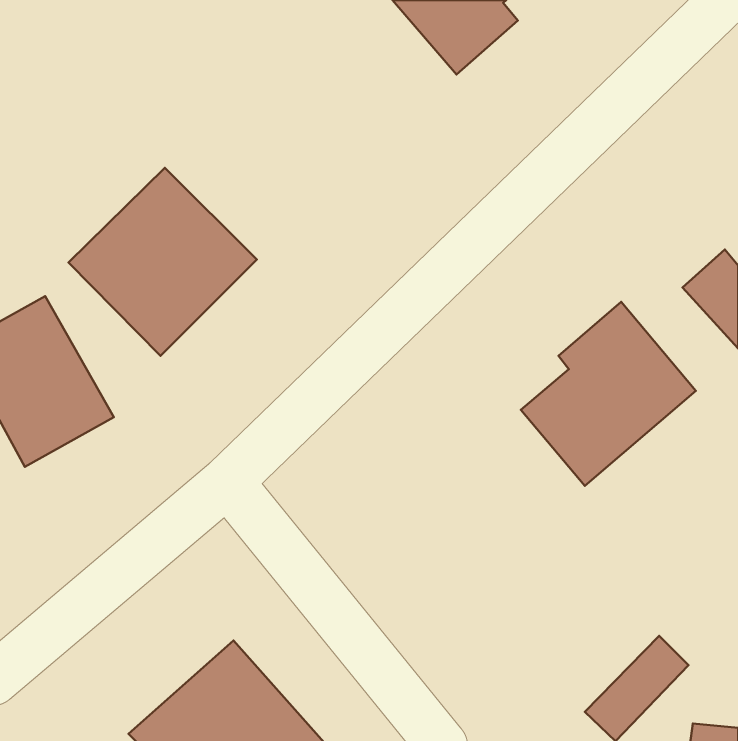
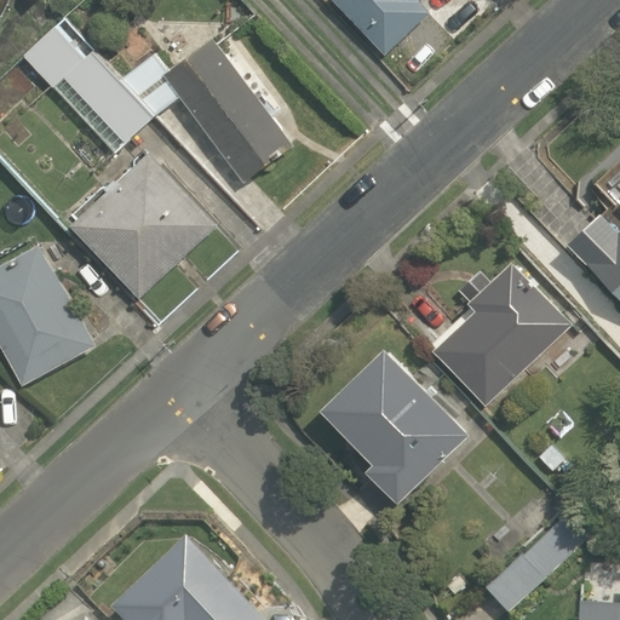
building: none -> [17,16,293,188]
building: none -> [322,338,476,501]

